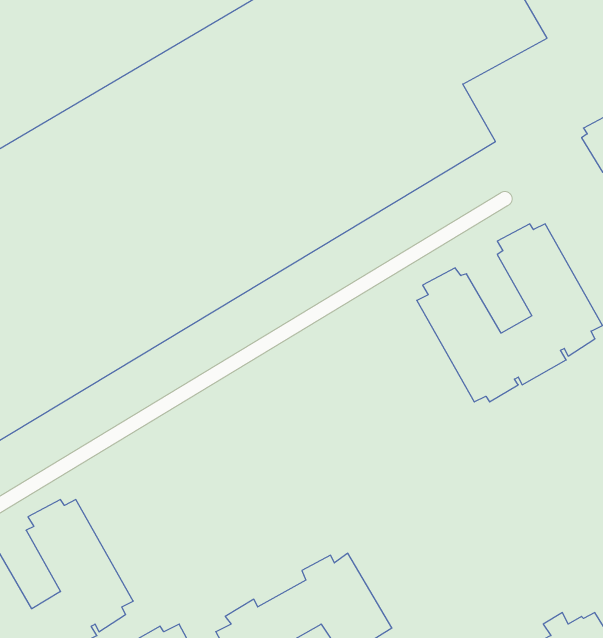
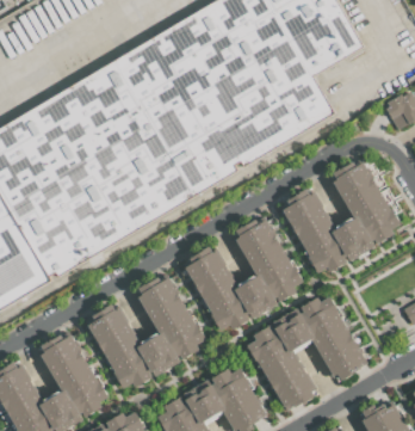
building: none -> [185,220,301,331]
building: none -> [88,277,204,388]
building: none -> [247,296,367,413]

